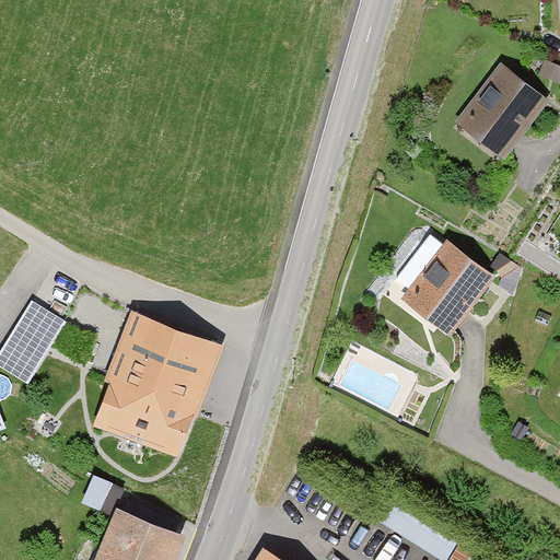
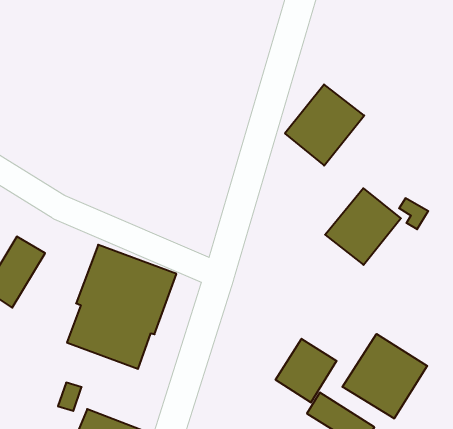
building: [454,62,549,160] -> [285,84,364,166]
building: none -> [342,334,427,419]
building: none -> [276,339,337,403]

